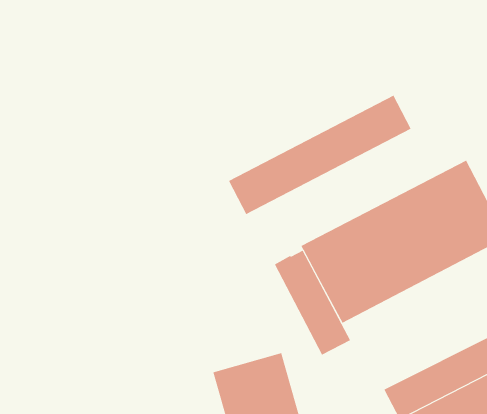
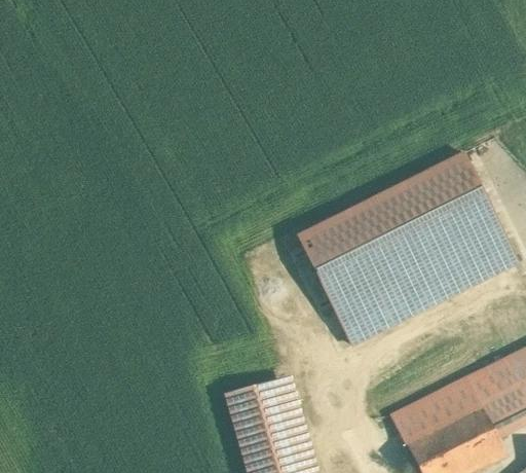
building: [228,95,412,215] -> [295,151,477,270]
building: [274,250,351,355] -> none

